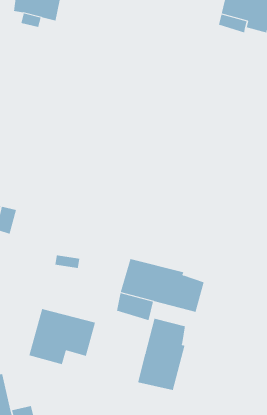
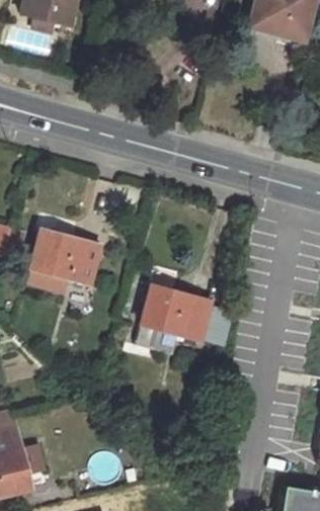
building: [29,309,96,365] -> [26,230,100,291]
building: [138,318,185,391] -> none

